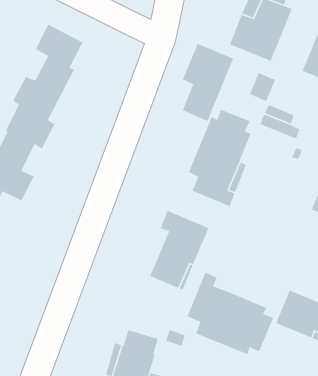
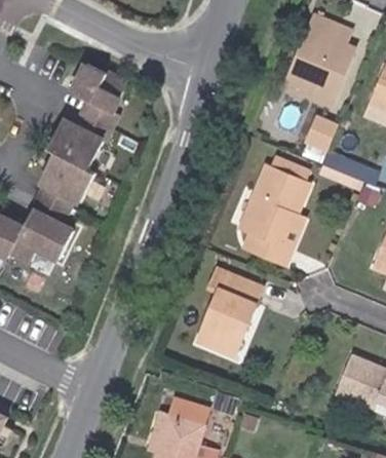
building: [182,43,234,122] -> none
building: [186,272,274,355] -> none

